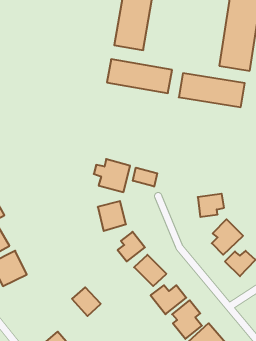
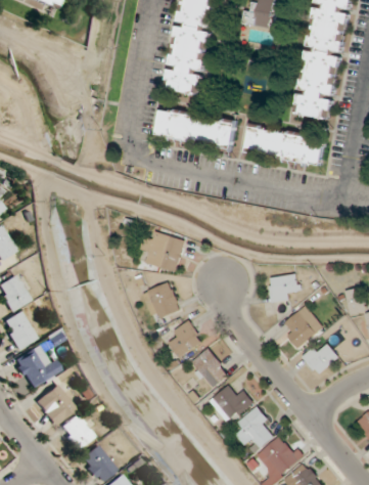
building: [133,168,157,187] -> none
building: none -> [34,385,75,426]
building: [72,287,101,316] -> [58,414,94,450]

